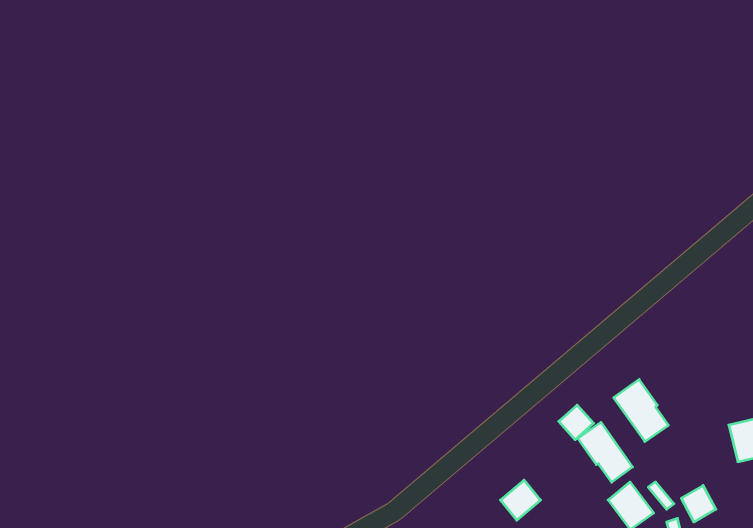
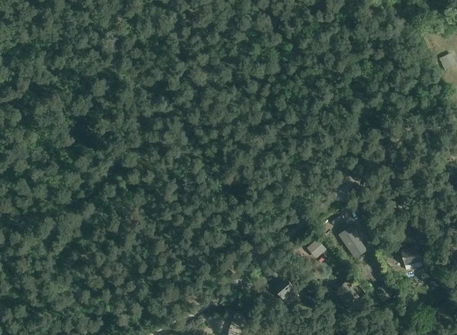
building: [578,422,633,482] -> none

